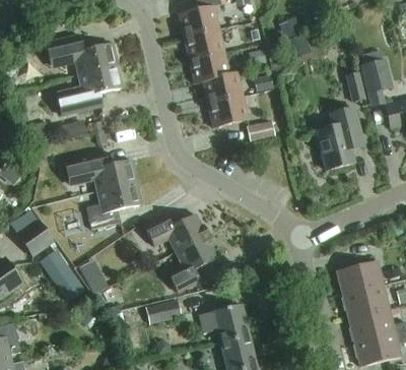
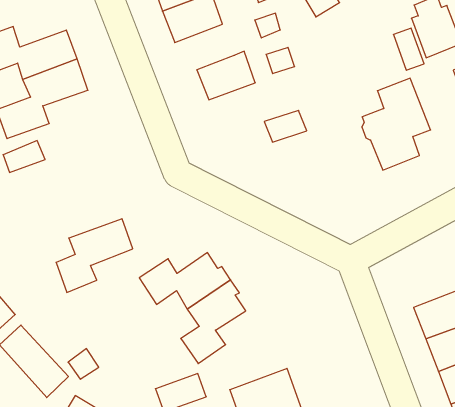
building: [190,52,231,83] -> none
building: [209,97,250,128] -> none
building: [65,155,137,191] -> none

